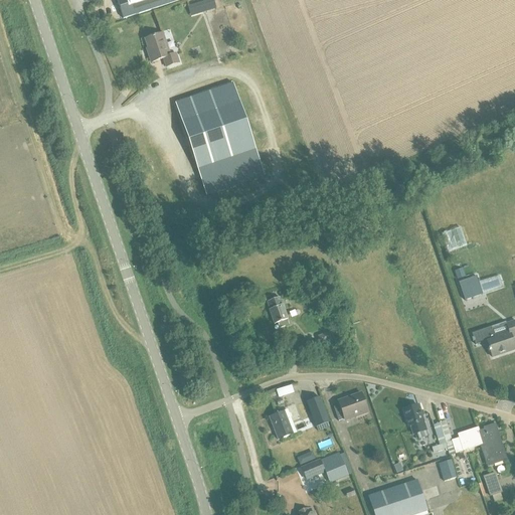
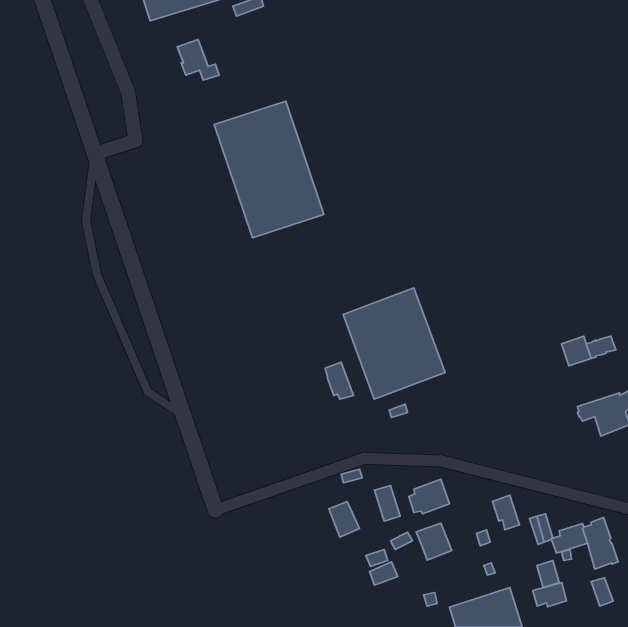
building: none -> [343,288,445,399]
building: [321,452,350,482] -> [416,523,452,560]
building: none -> [533,582,567,607]

